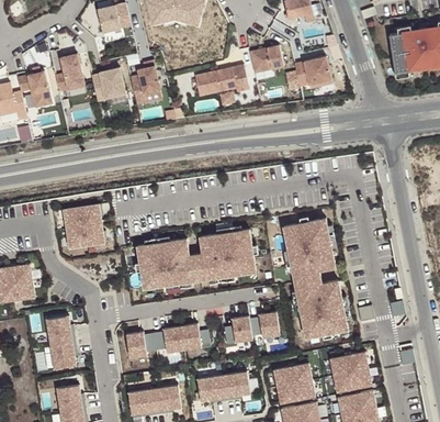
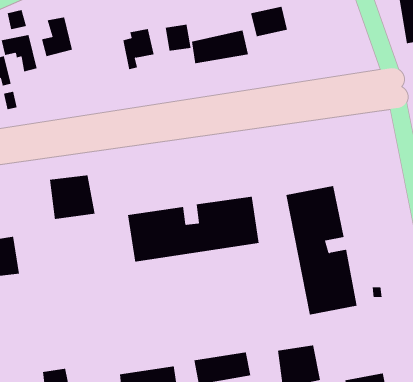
building: [294,60,334,92] -> none
building: none -> [165,24,191,52]
building: [91,69,125,102] -> none
building: [224,307,281,342] -> none
building: [45,312,76,369] -> none
building: [125,319,211,357] -> none
building: [329,349,372,389] -> none

